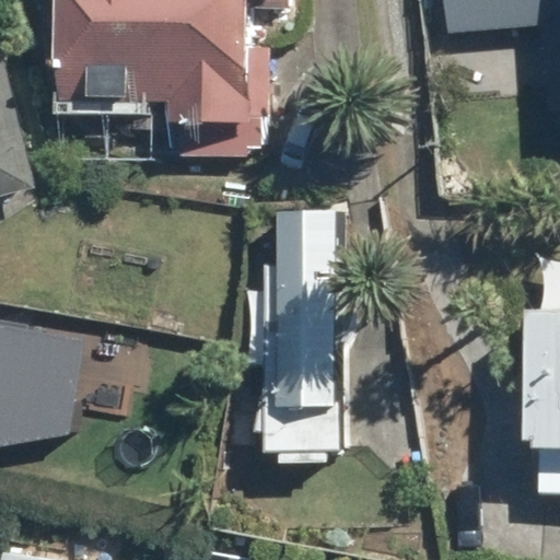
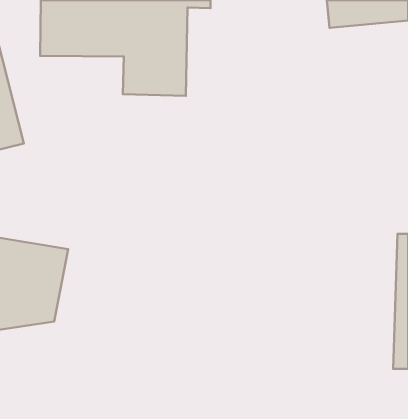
building: [260,212,351,454] -> none

